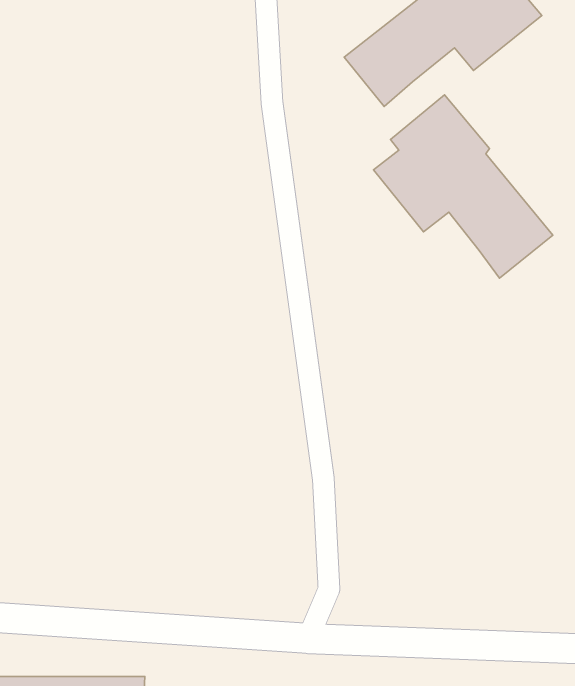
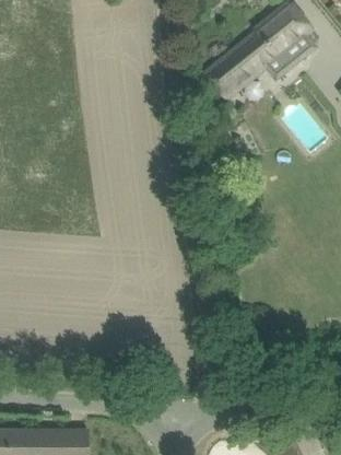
building: [374,95,553,278] -> none

